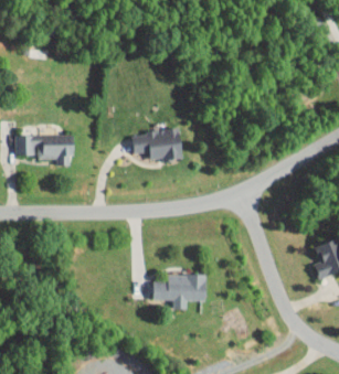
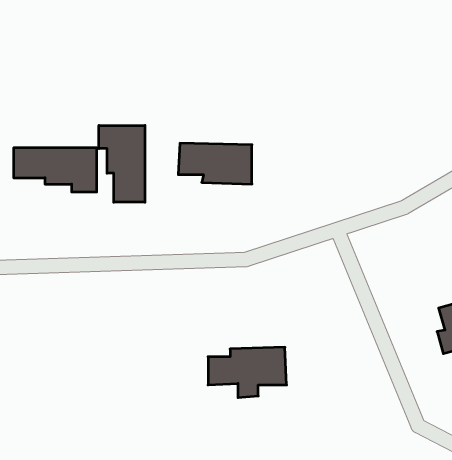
building: none -> [99,125,145,202]

